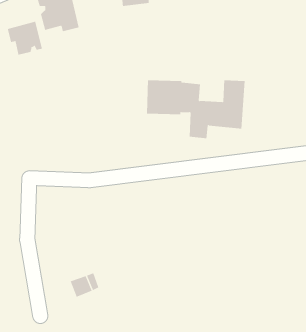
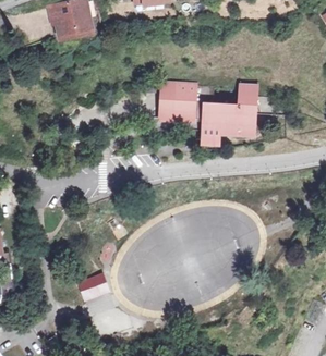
building: [7,21,42,55] -> none

